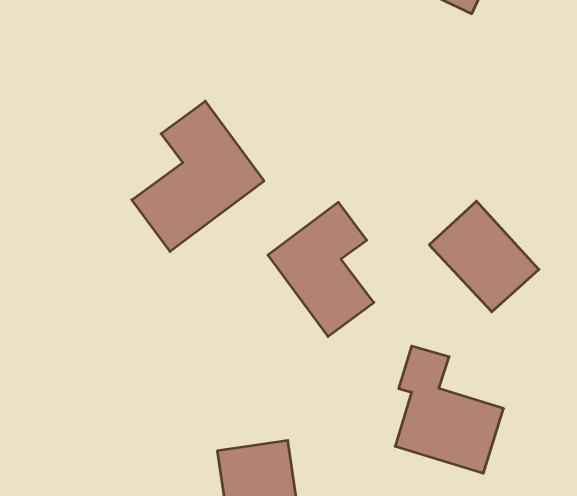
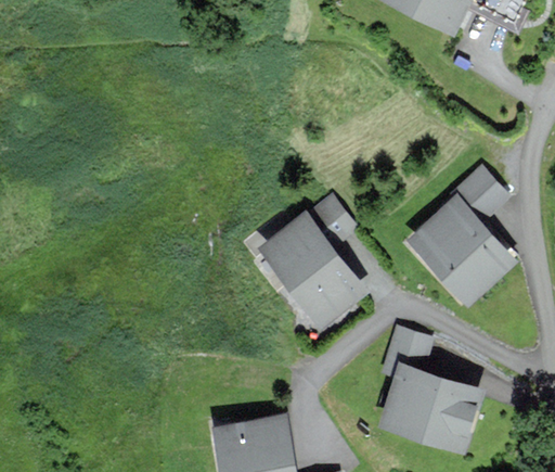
building: [132,101,264,252] -> none
building: none -> [457,171,504,218]

